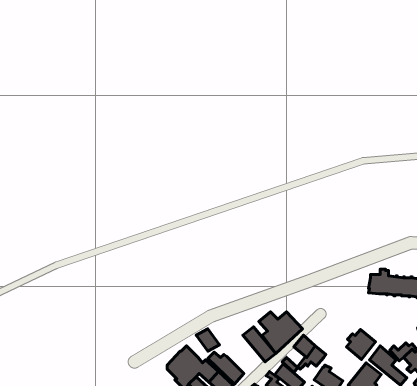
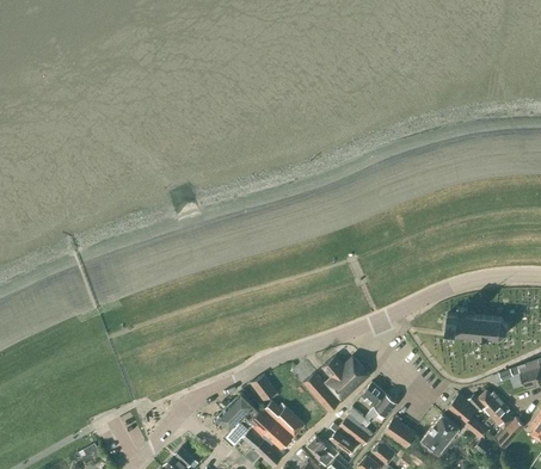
building: [347,329,375,359] -> none

